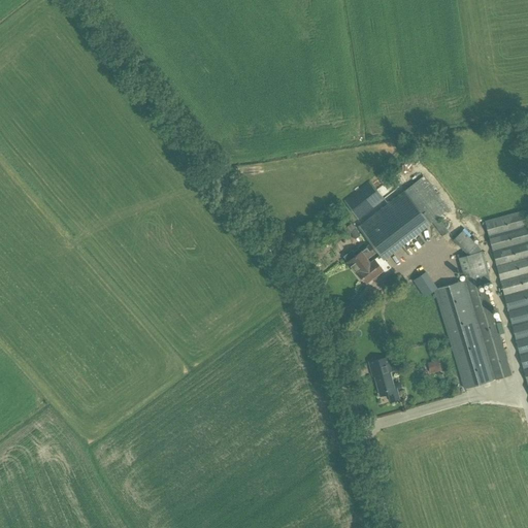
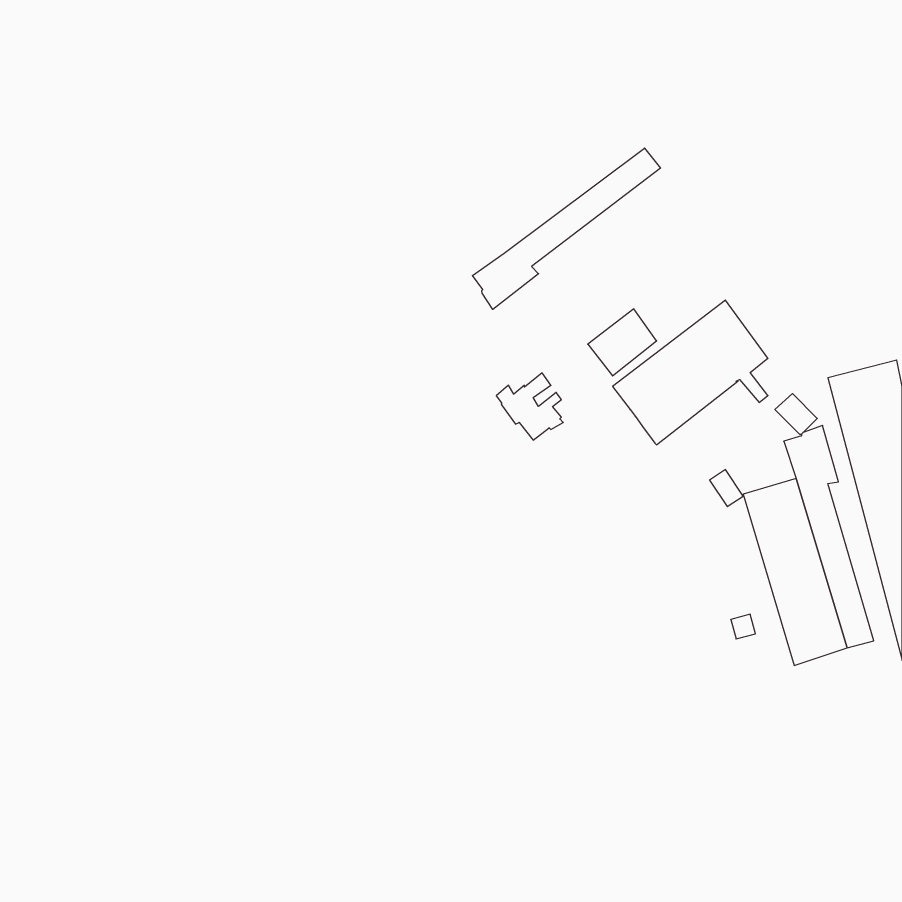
building: none -> [472,148,661,309]
building: [344,243,384,283] -> [496,373,563,440]
building: [369,357,400,401] -> none

